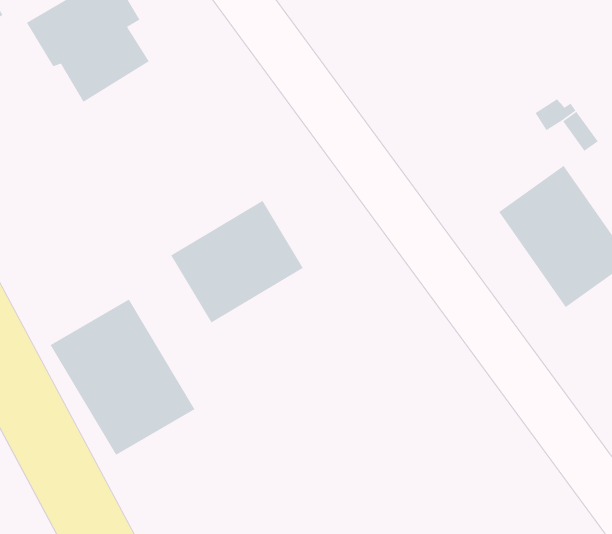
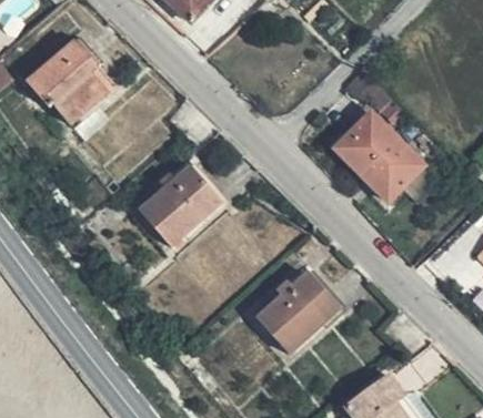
building: [50,298,195,456] -> none
building: none -> [258,272,339,350]

